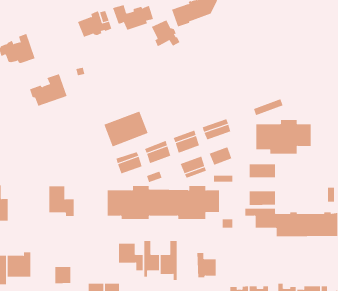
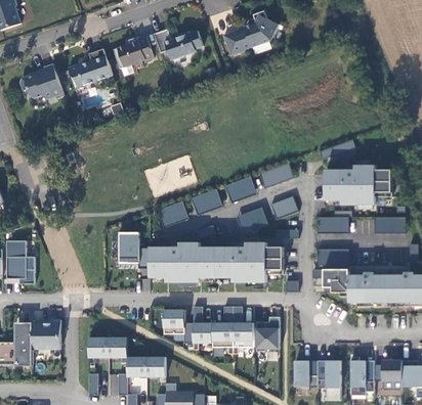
building: [151,19,180,47] -> none
building: [29,74,67,107] -> [69,48,114,87]
building: none -> [373,216,404,232]
building: [49,186,75,216] -> [118,231,149,267]
building: none -> [231,306,252,353]
building: none -> [107,336,126,356]

